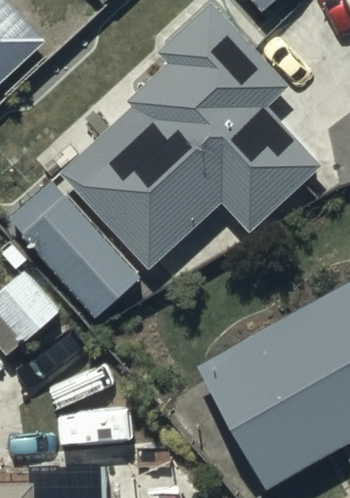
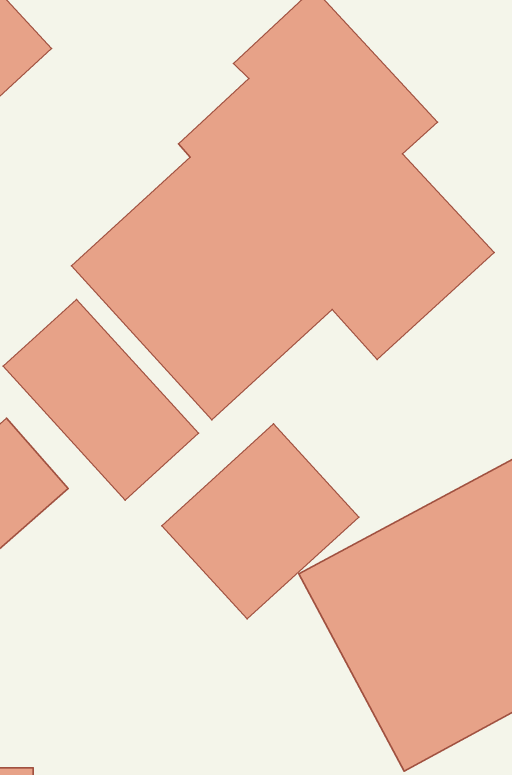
building: none -> [162,424,359,619]

